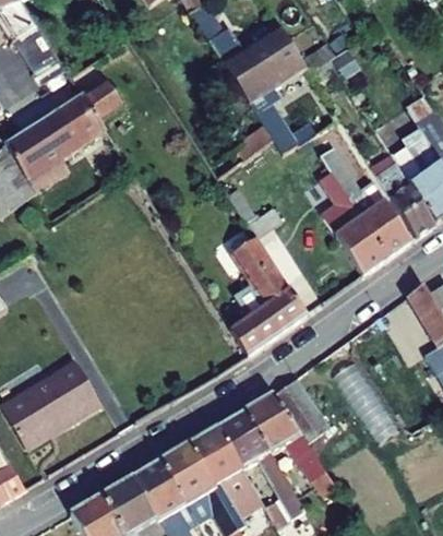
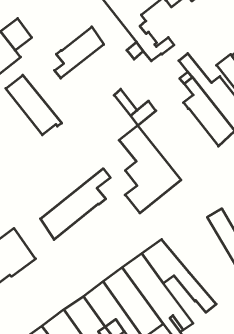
building: none -> [54,27,104,78]
building: none -> [6,75,62,135]
building: none -> [40,169,110,240]
building: [273,377,328,441] -> none

